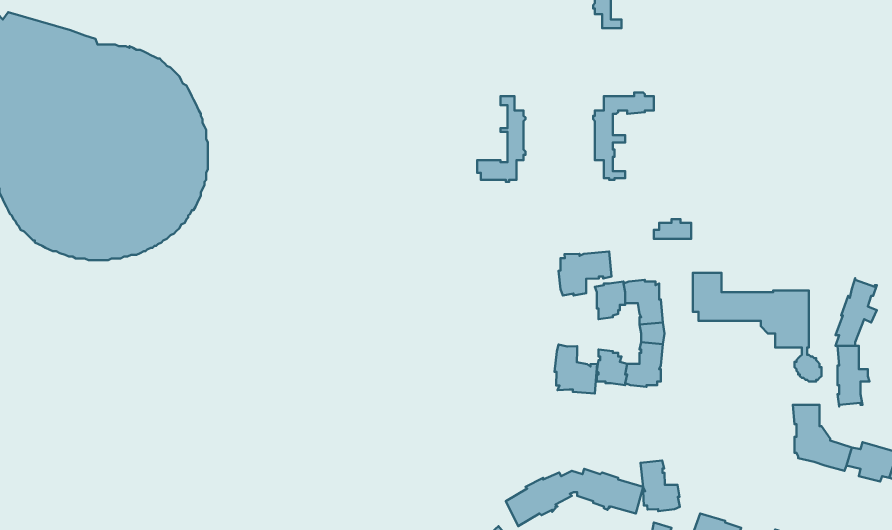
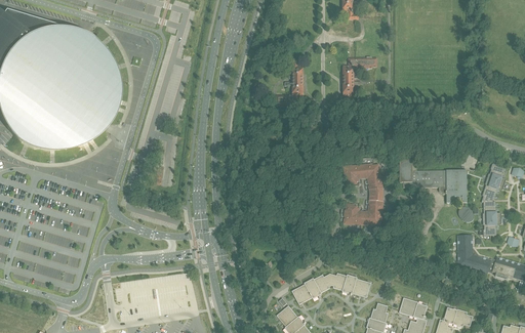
building: [558,252,612,296] -> none
building: [555,345,597,393] -> none
building: [641,461,680,511] -> none

